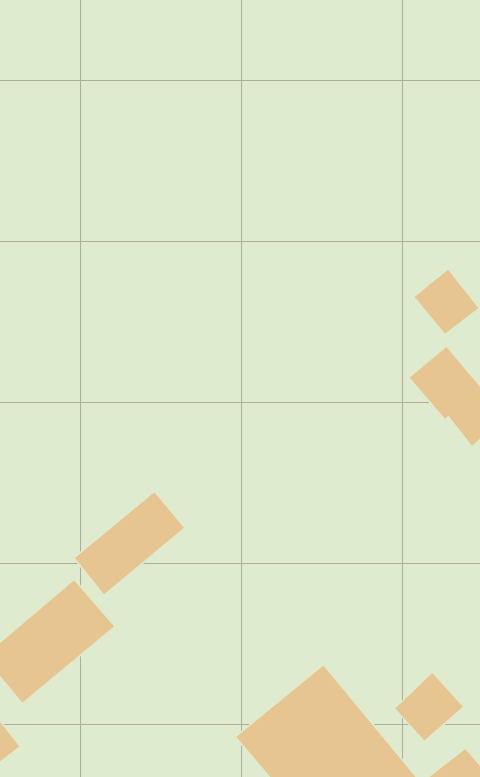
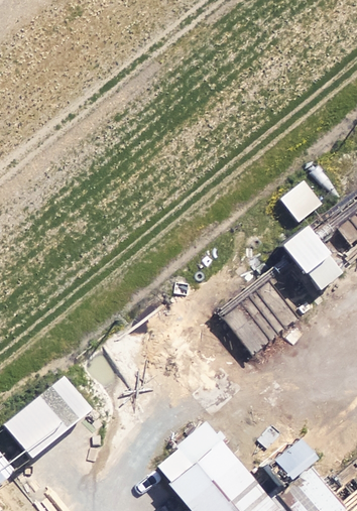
building: none -> [226,284,295,353]
building: [74,491,185,596] -> none

